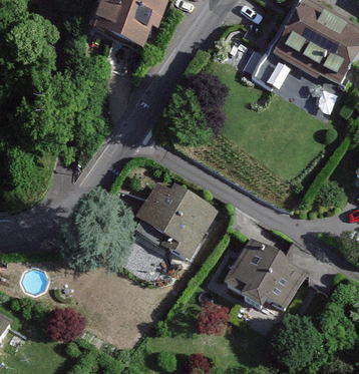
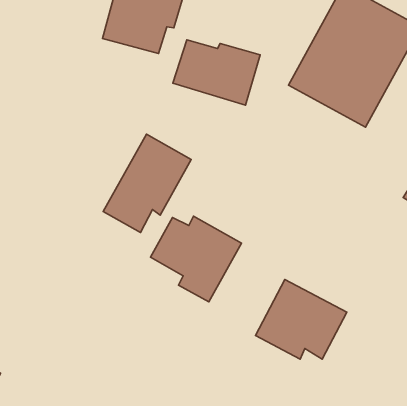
building: none -> [173,40,260,105]
building: none -> [103,134,191,233]

